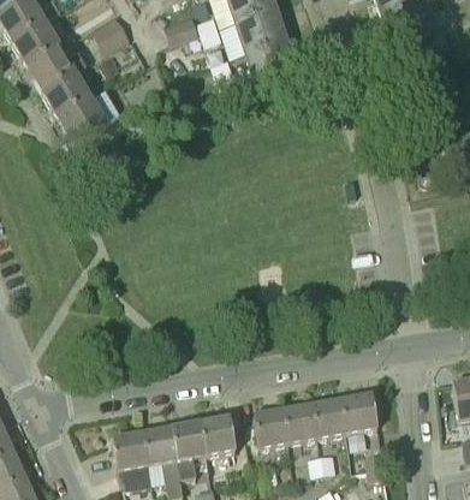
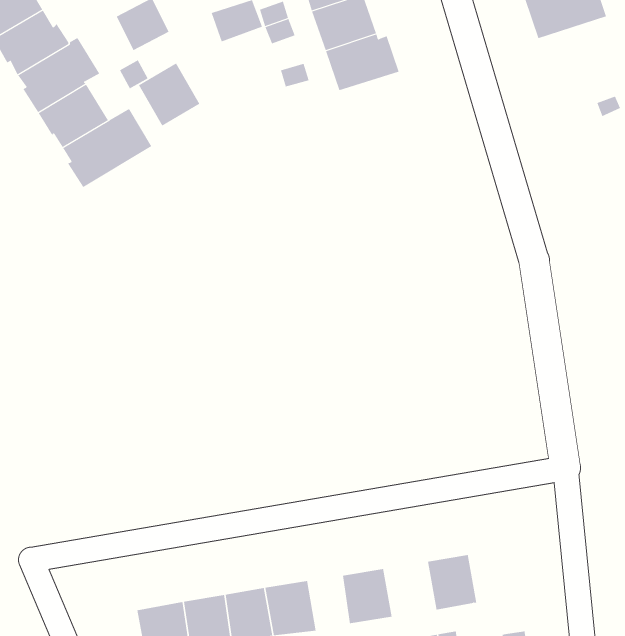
building: none -> [138,62,200,126]
building: [341,394,377,433] -> none
building: [282,404,319,442] -> none

